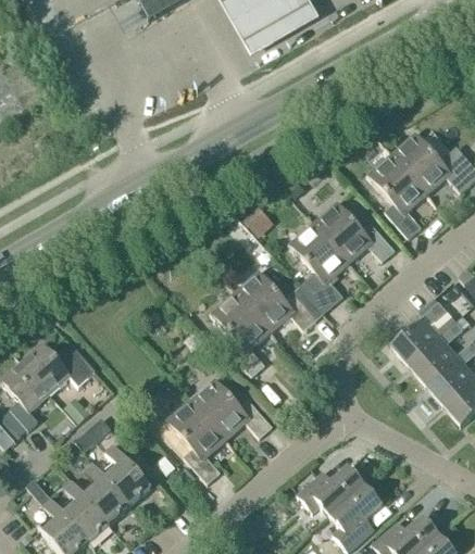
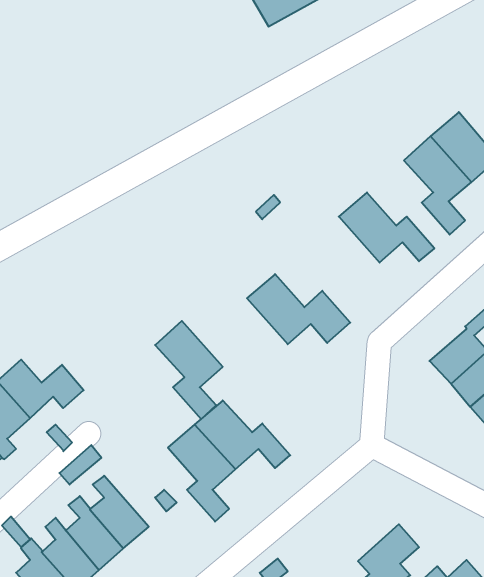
building: [291,223,349,313] -> none
building: [213,292,271,376] -> [155,321,223,419]
building: [297,465,365,516] -> none

